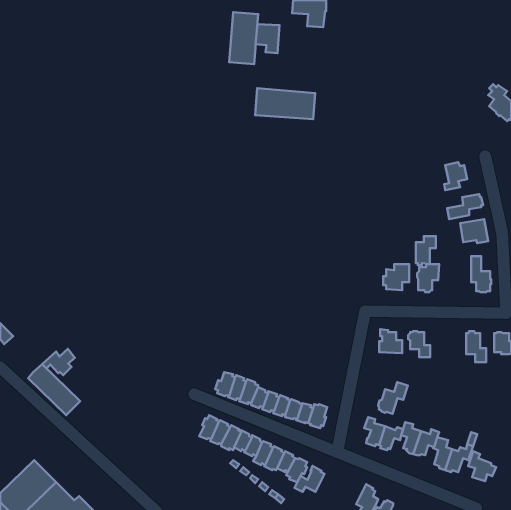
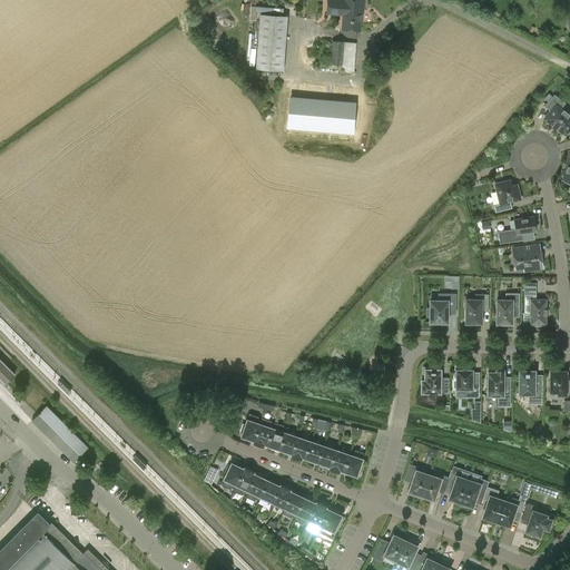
building: [256,24,280,53] -> [330,42,356,75]
building: [416,236,436,265] -> [497,294,519,326]
building: none -> [485,371,510,404]
building: [42,349,75,375] -> none
building: [378,382,408,414] -> none
building: [294,466,324,492] -> [373,533,406,562]

